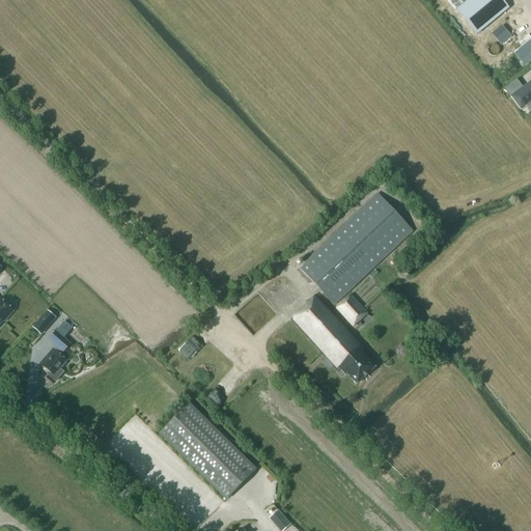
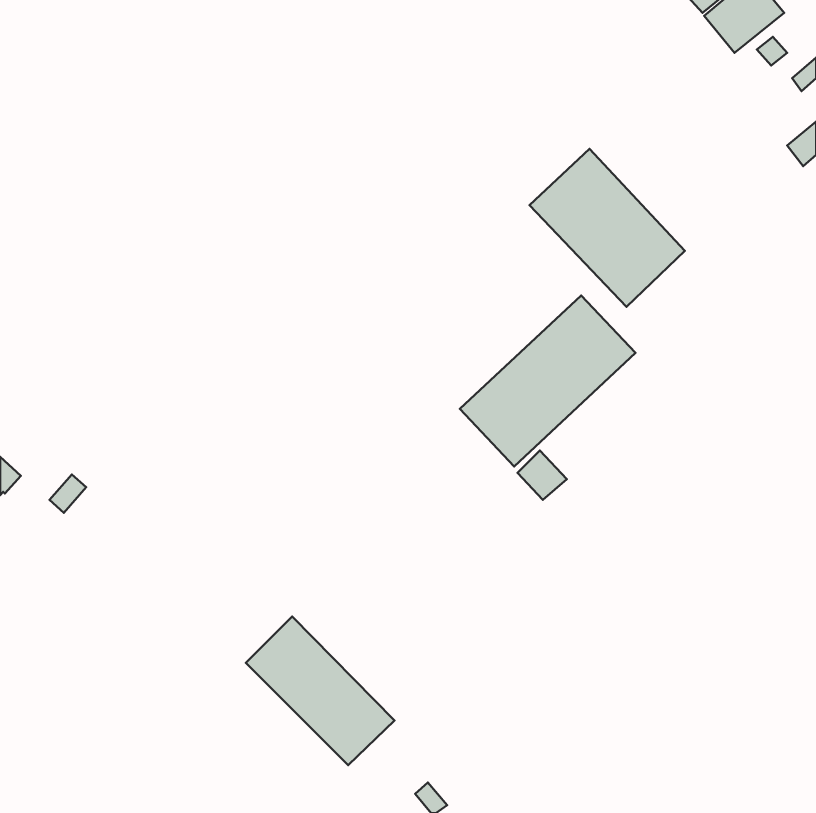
building: none -> [529,149,685,307]
building: [290,294,375,383] -> none
building: [39,330,69,380] -> none

